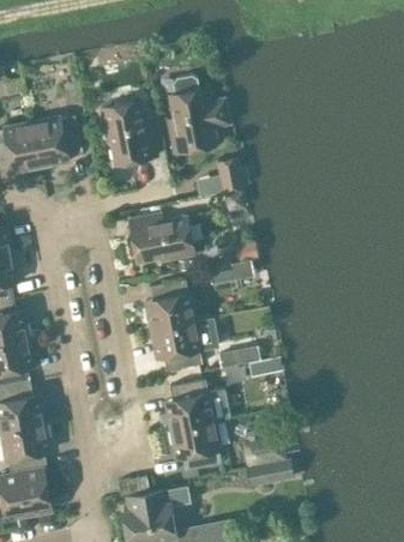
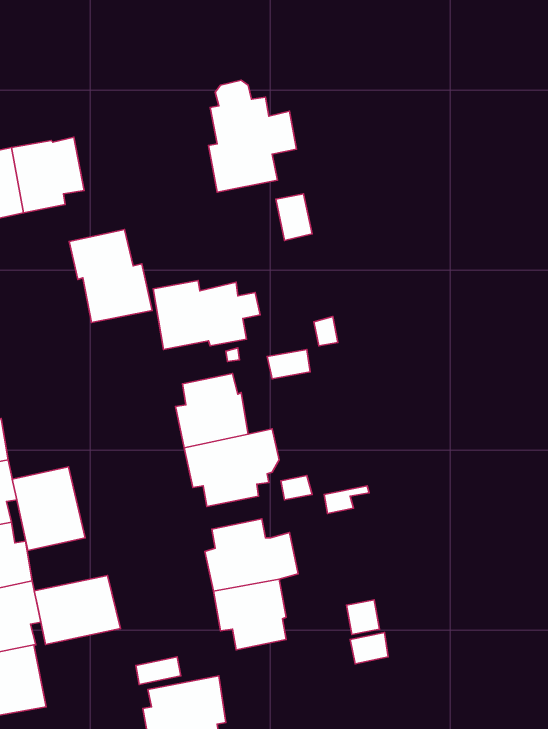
building: [100,101,157,165] -> [69,229,152,323]
building: none -> [12,467,85,551]
building: none -> [34,576,121,645]

